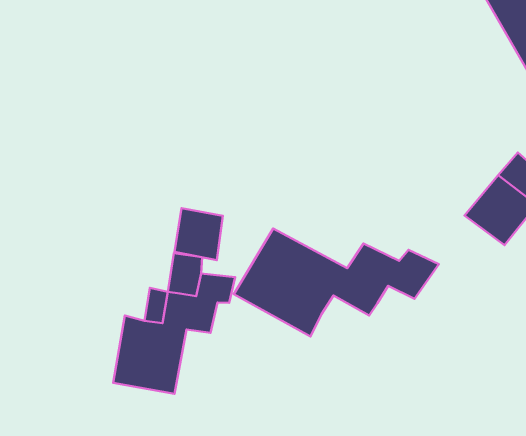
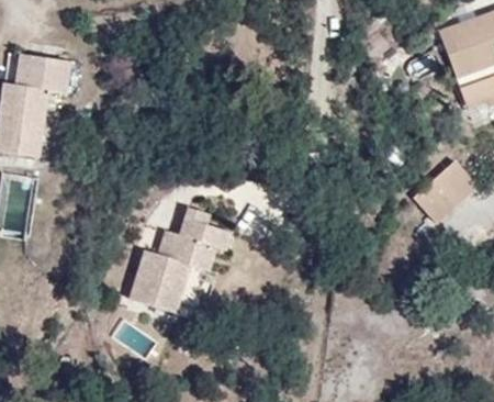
building: [175,208,223,260] -> none
building: [234,229,439,337] -> none

